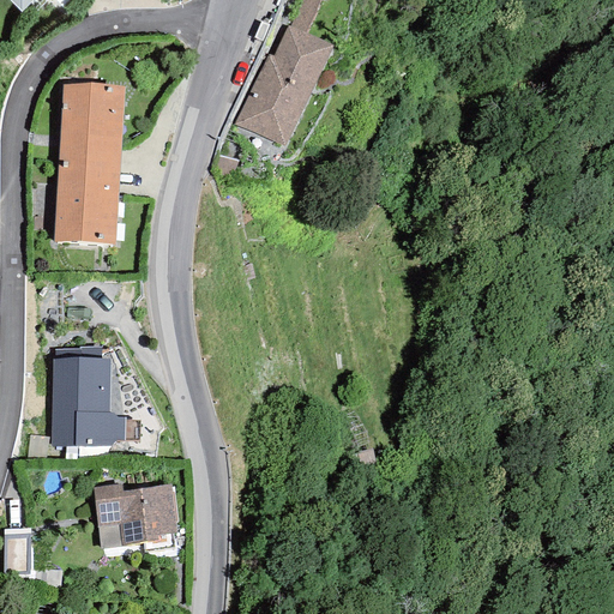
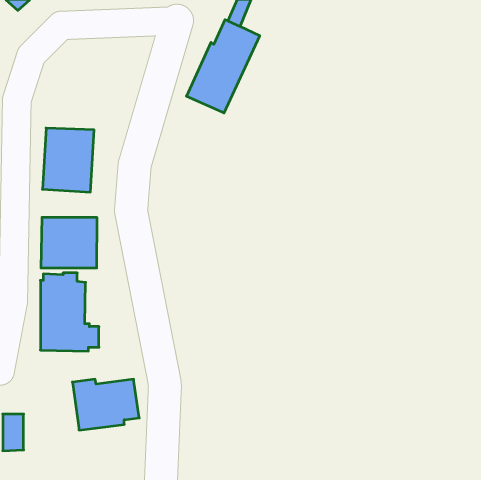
building: [59,83,124,165] -> none
building: none -> [41,217,97,268]

